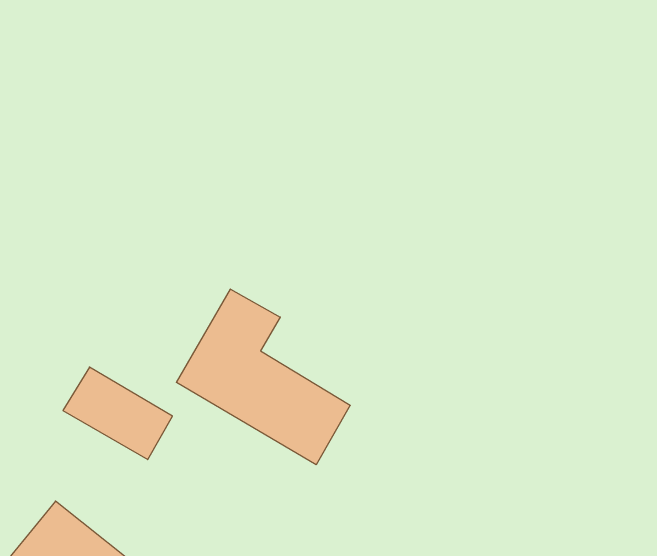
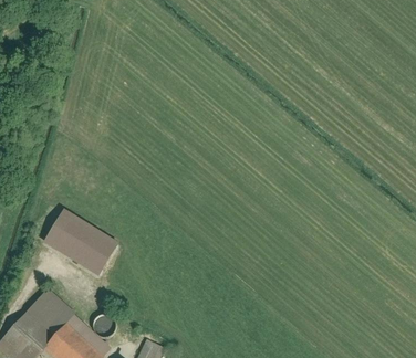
building: [176,289,350,465] -> none

